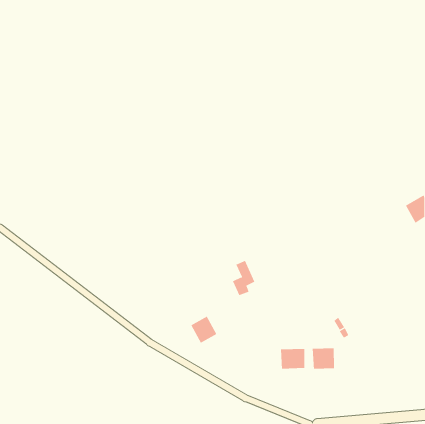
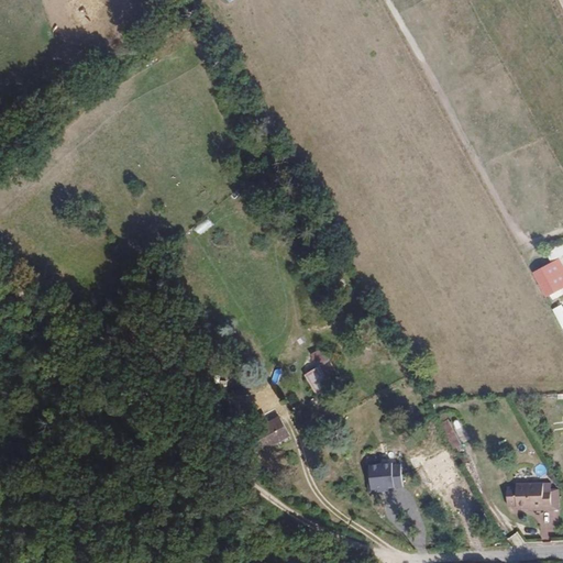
building: [312,348,335,369] -> none
building: none -> [503,481,549,509]

